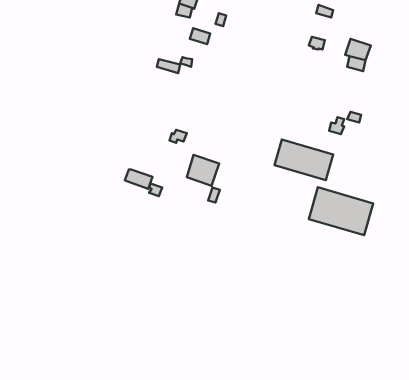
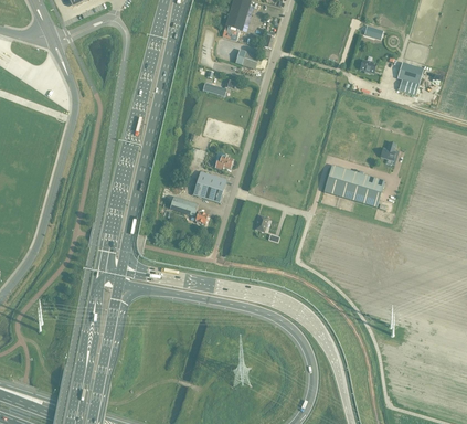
building: [187,155,219,186] -> [192,170,225,202]
building: [309,187,373,235] -> none

